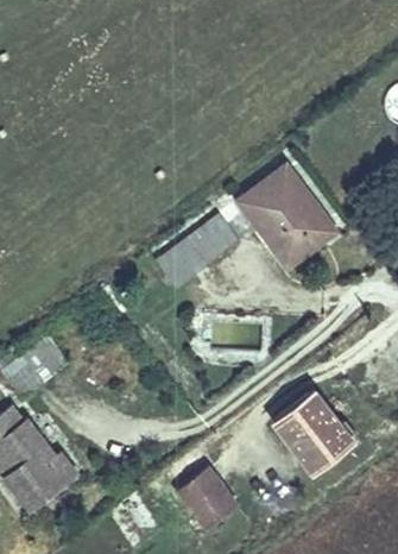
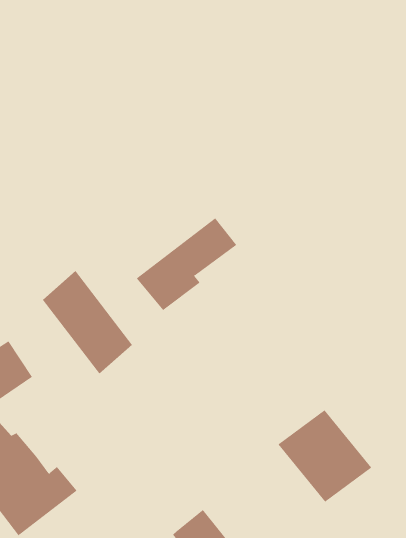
building: [236,169,329,273] -> none
building: none -> [42,270,133,375]

